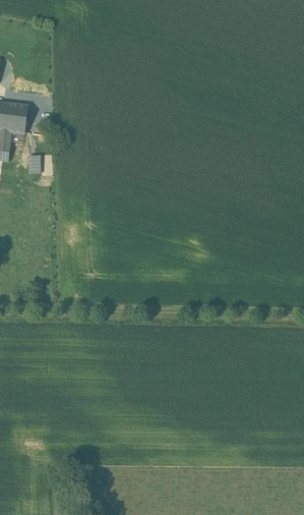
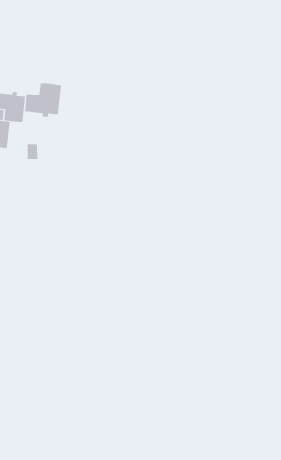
building: none -> [24,82,61,118]

